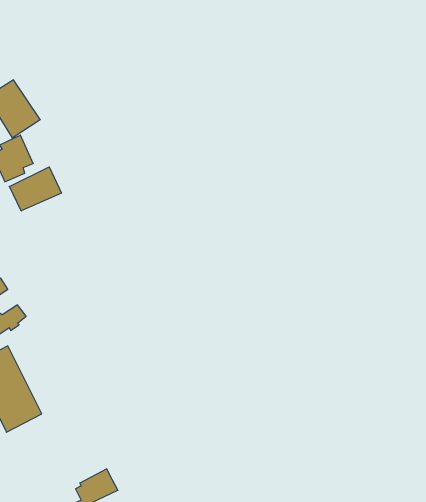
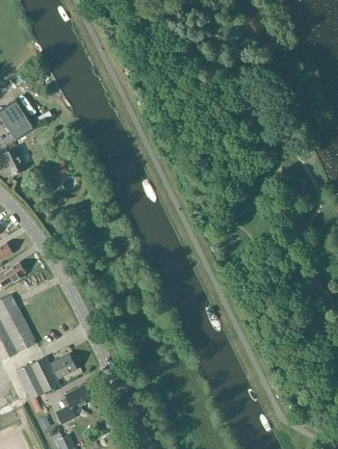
building: [9,167,61,211] -> none
building: none -> [17,354,77,399]

